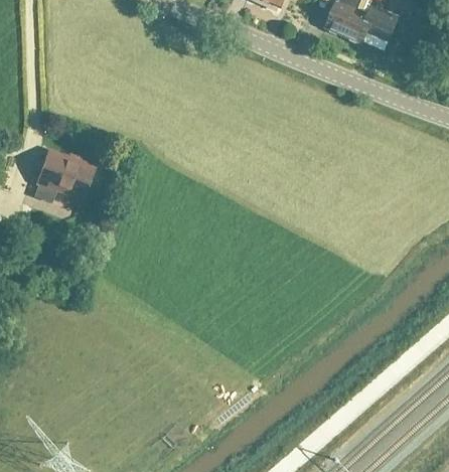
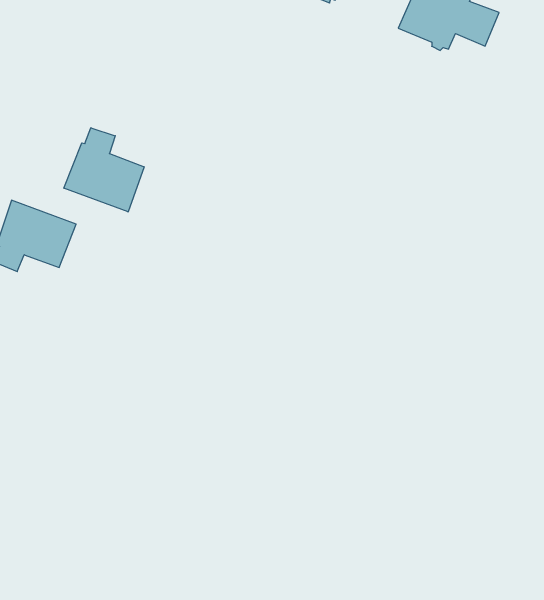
building: none -> [64,128,144,212]

